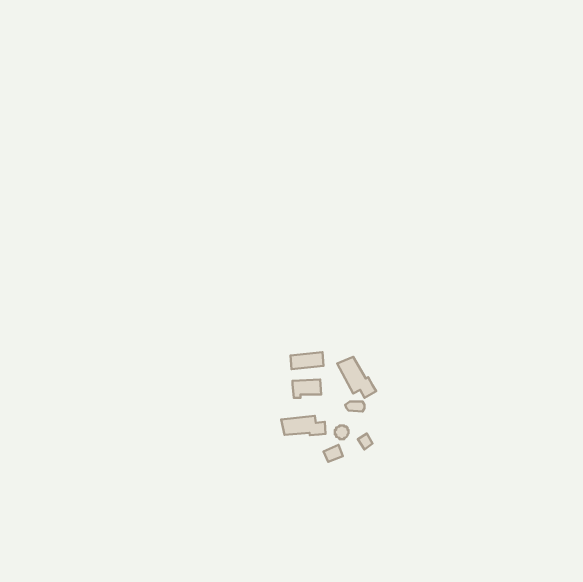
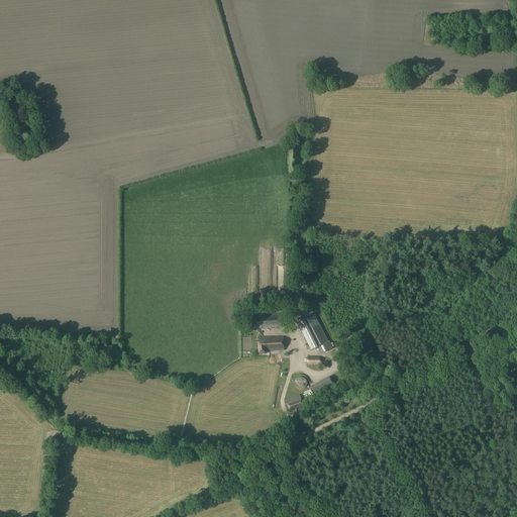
building: [281,416,326,435] -> none

